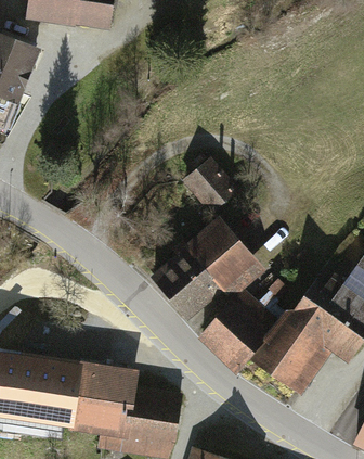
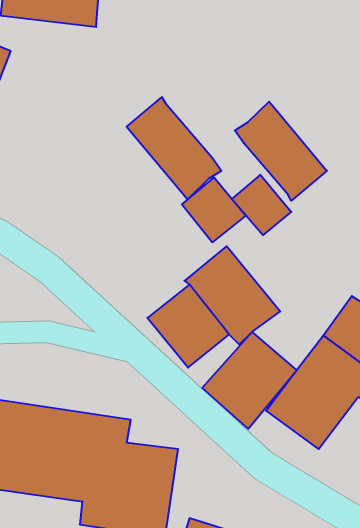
building: none -> [127,97,221,200]
building: none -> [235,102,327,201]
building: none -> [232,175,291,235]

